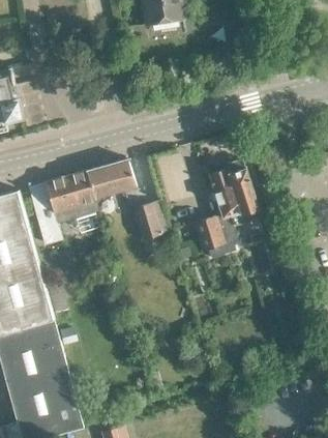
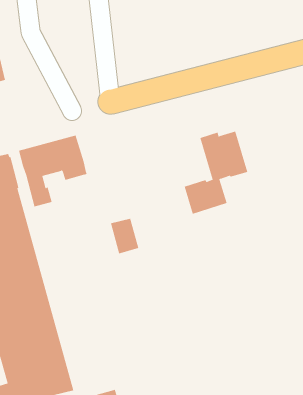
building: [86,159,136,199] -> none
building: [132,204,161,240] -> [110,218,139,254]

